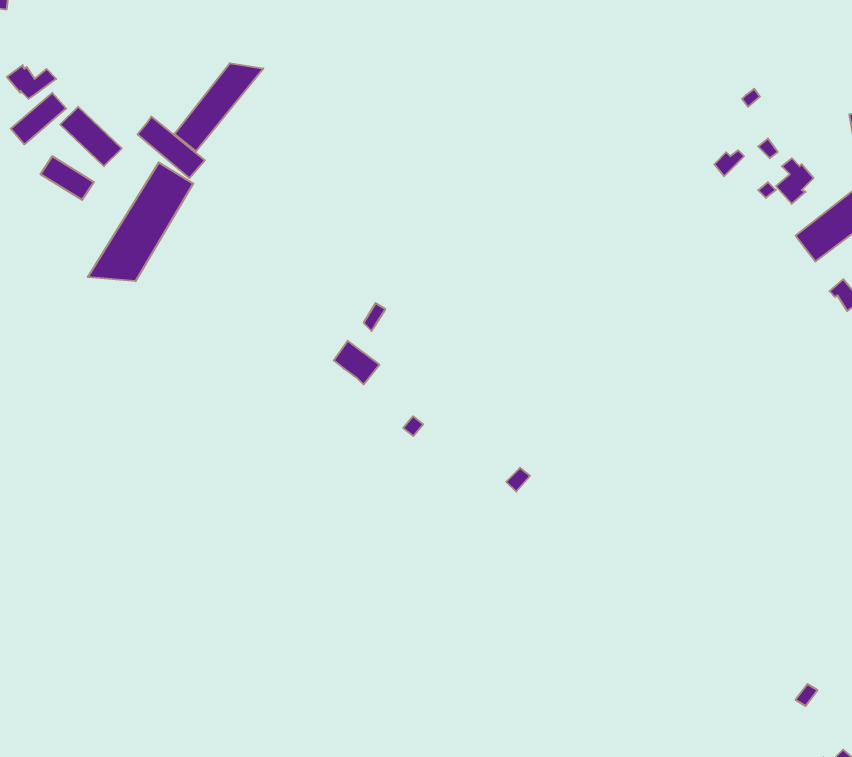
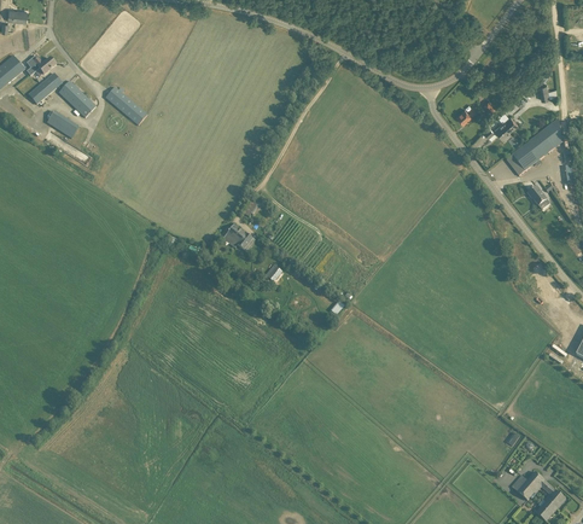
building: [174,63,263,151] -> none
building: [88,162,193,281] -> none

